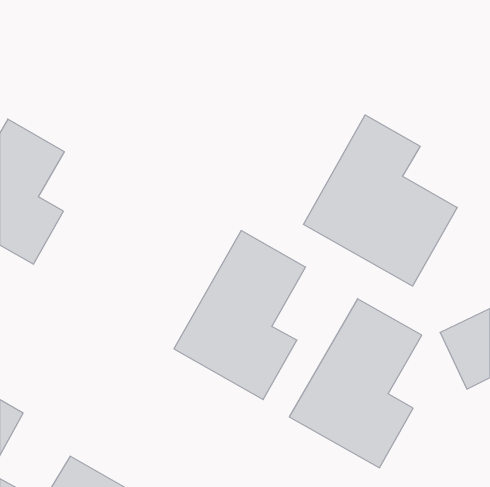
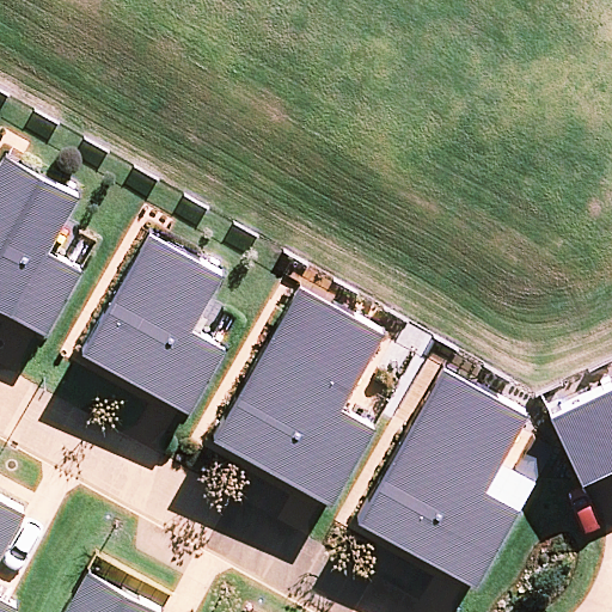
building: [303,115,457,286] -> none
building: none -> [84,233,225,414]

